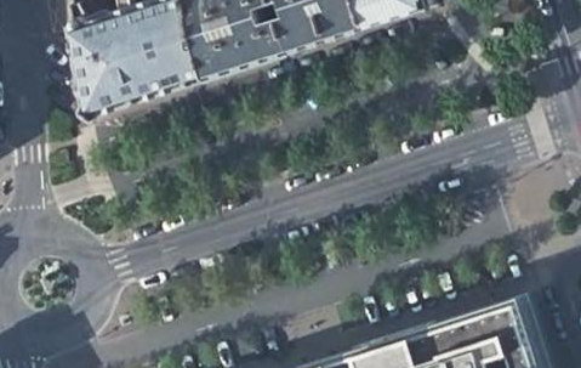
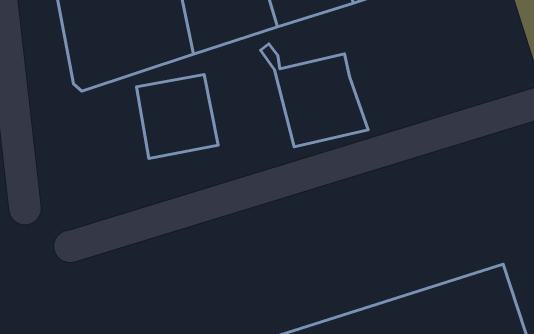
building: none -> [261,44,368,147]
building: none -> [137,75,218,158]

